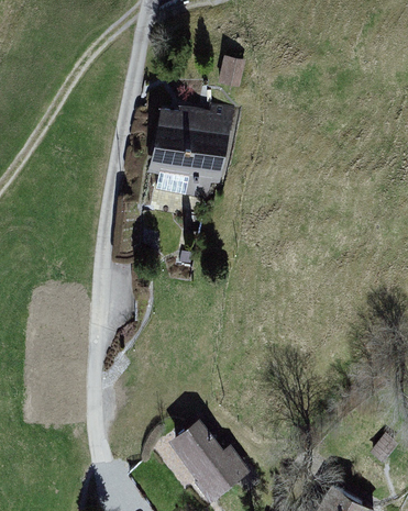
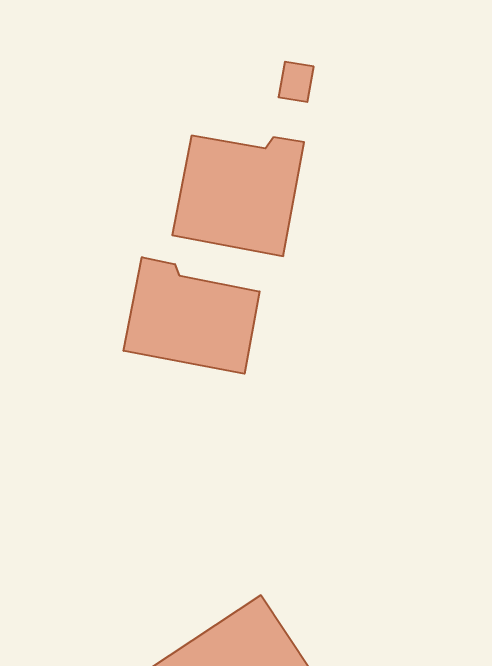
building: none -> [124,257,260,374]

